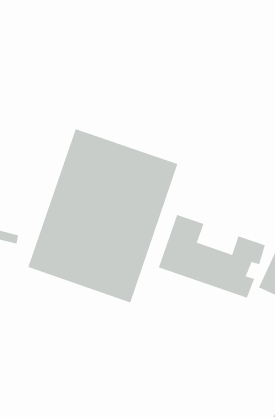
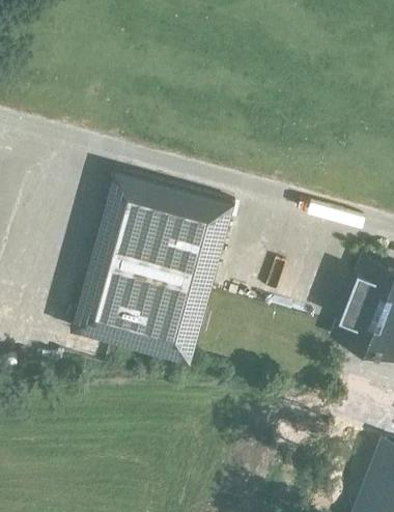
building: [158,214,266,298] -> none

